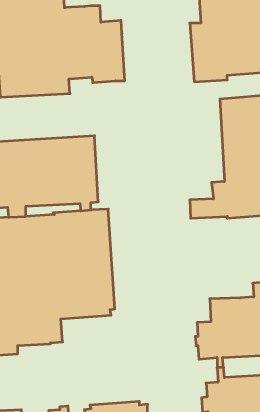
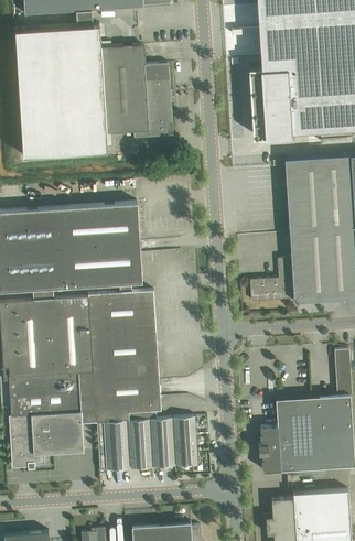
building: none -> [96,415,198,470]

